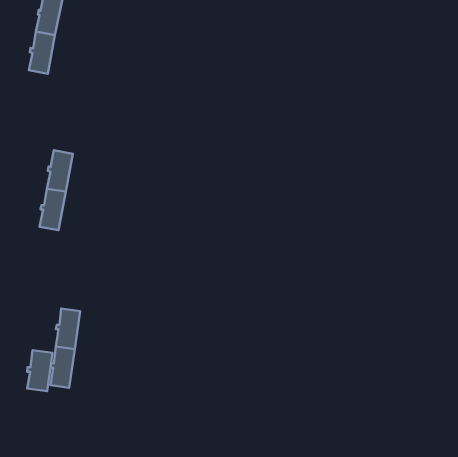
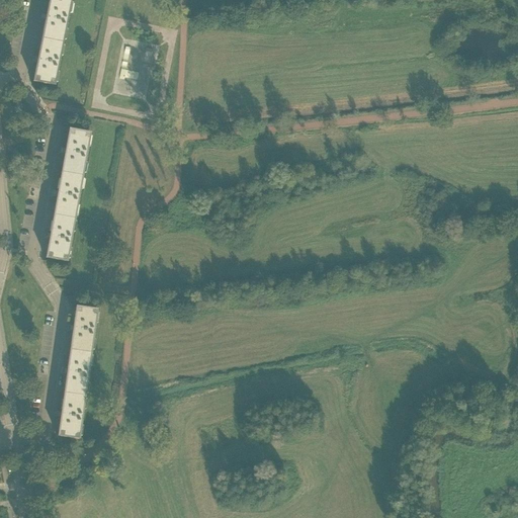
building: none -> [63,126,91,173]
building: none -> [71,304,98,350]
building: [27,350,52,391] -> none

